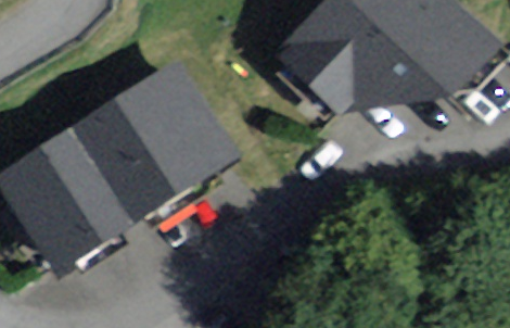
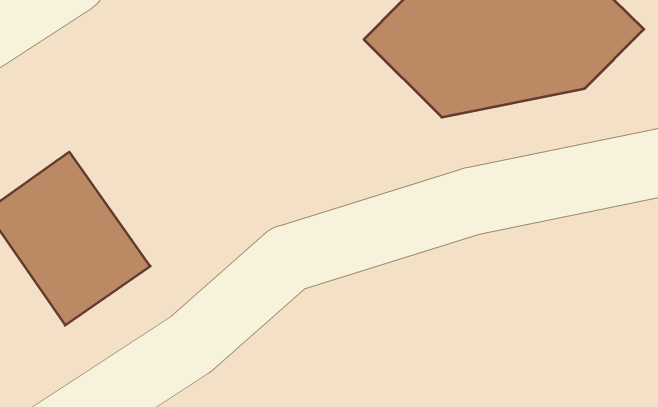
building: [79,64,231,214] -> none

